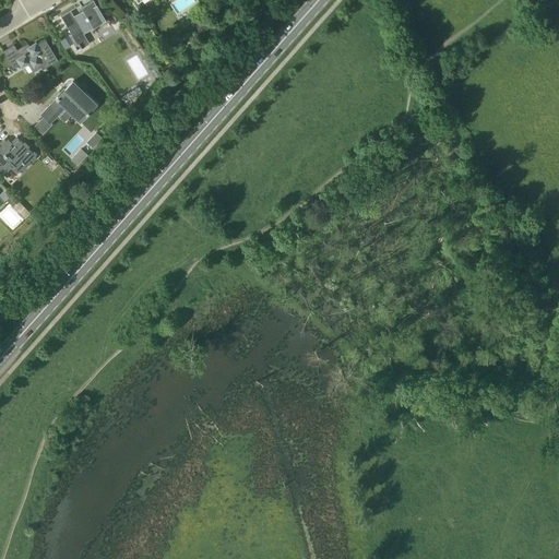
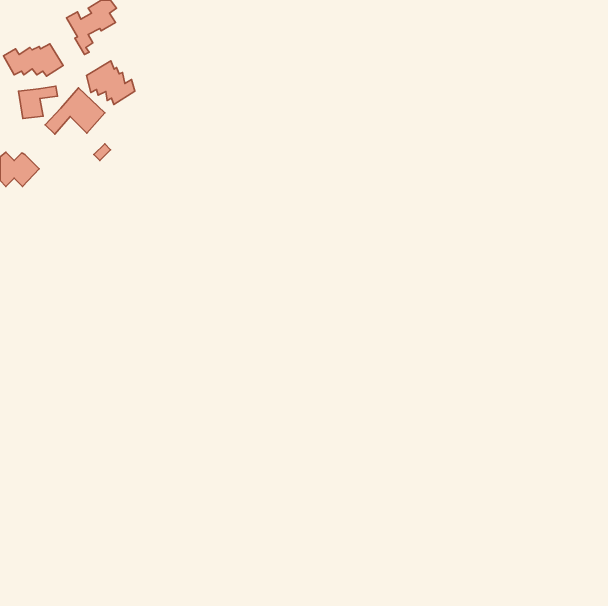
building: none -> [87,61,135,105]
building: none -> [18,86,58,119]

